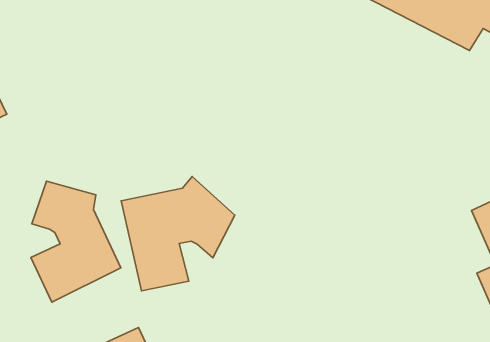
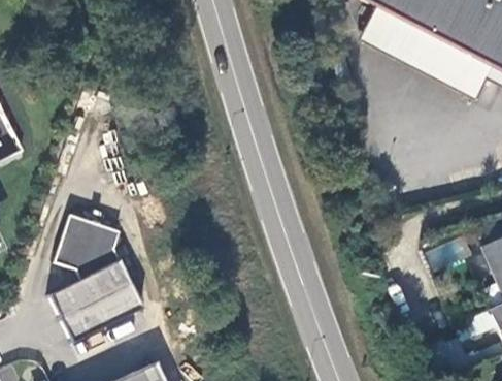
building: [121,176,235,291] -> none

